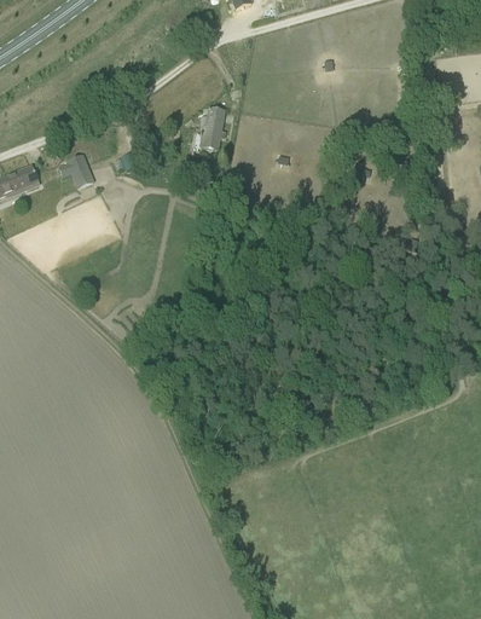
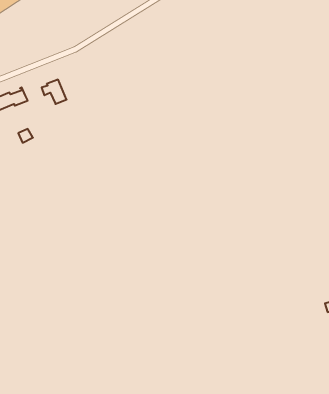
building: [195,108,225,150] -> none

